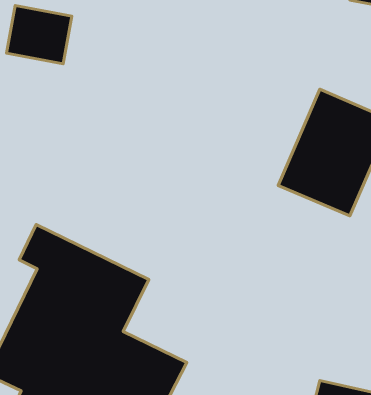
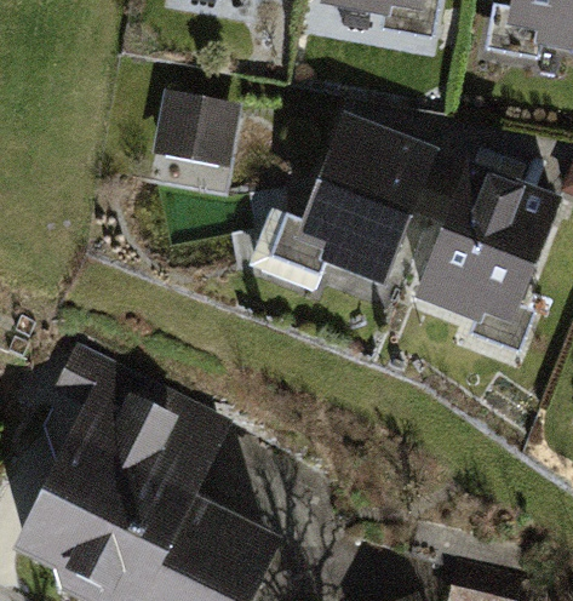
building: [6,6,72,64] -> [155,91,245,171]
building: none -> [279,113,432,291]

